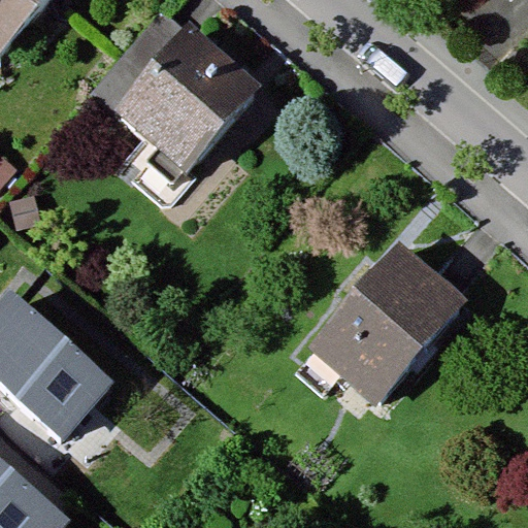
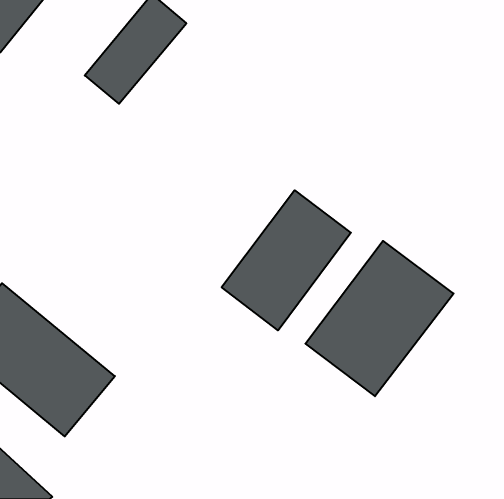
building: [122,24,259,163] -> none
building: none -> [222,190,351,330]

